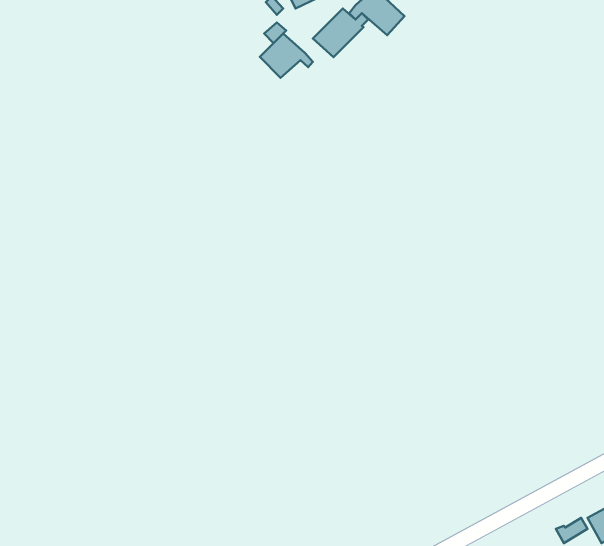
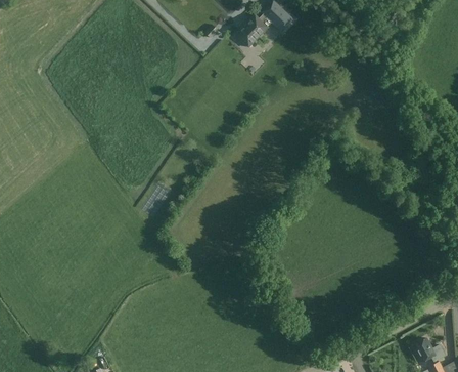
building: [260,33,313,78] -> none

